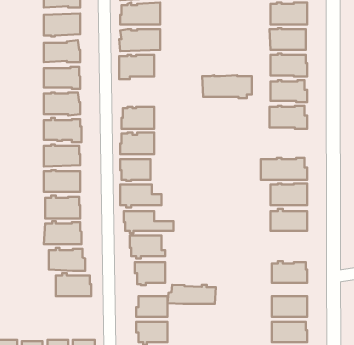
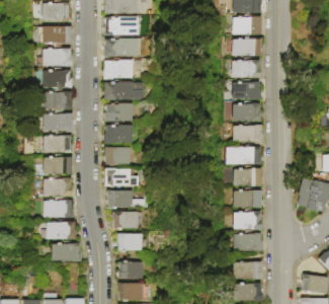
building: [202,75,252,98] -> [104,81,146,100]
building: none -> [231,124,262,144]
building: none -> [231,211,261,229]
building: [168,285,216,304] -> none

